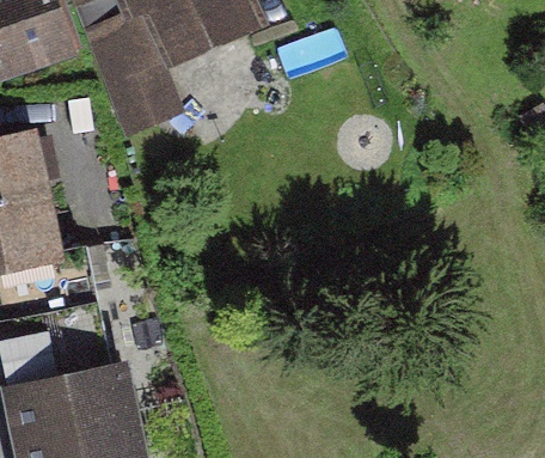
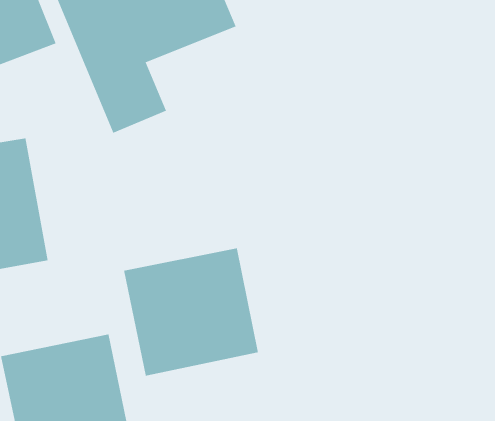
building: none -> [123,248,259,377]

